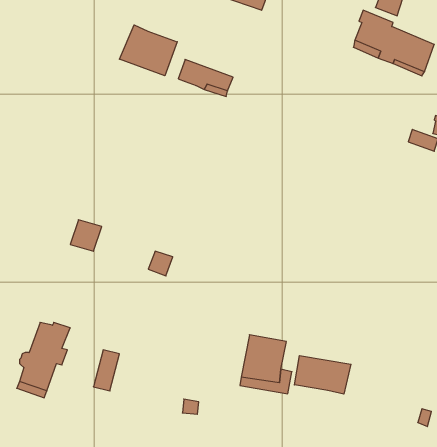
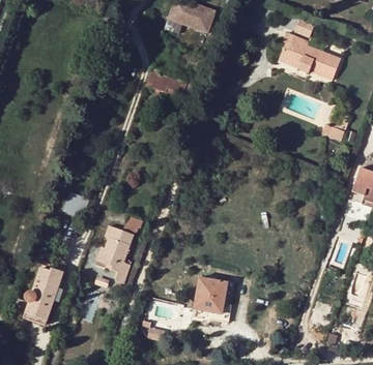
building: [119,25,177,76] -> none
building: none -> [95,226,133,283]
building: [294,356,351,394] -> none

